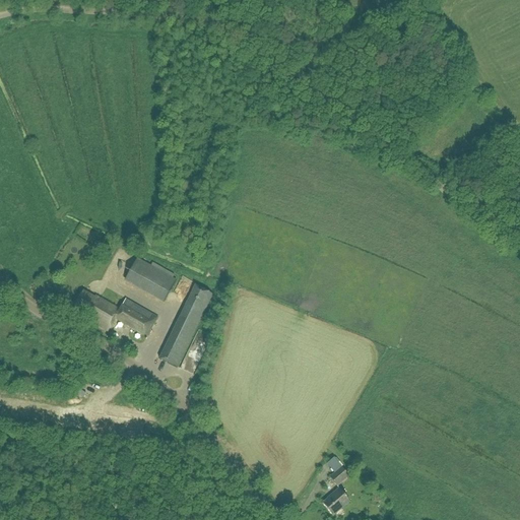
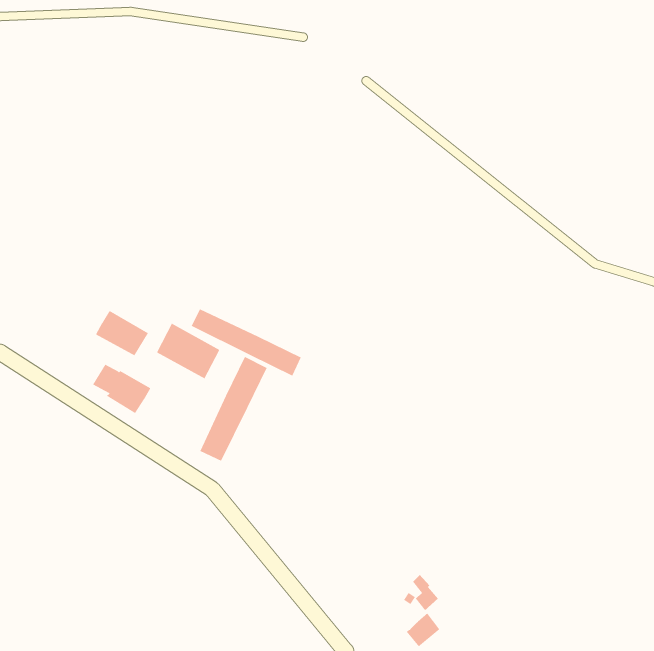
building: none -> [191,309,302,376]
building: [115,298,157,334] -> [95,310,149,356]

